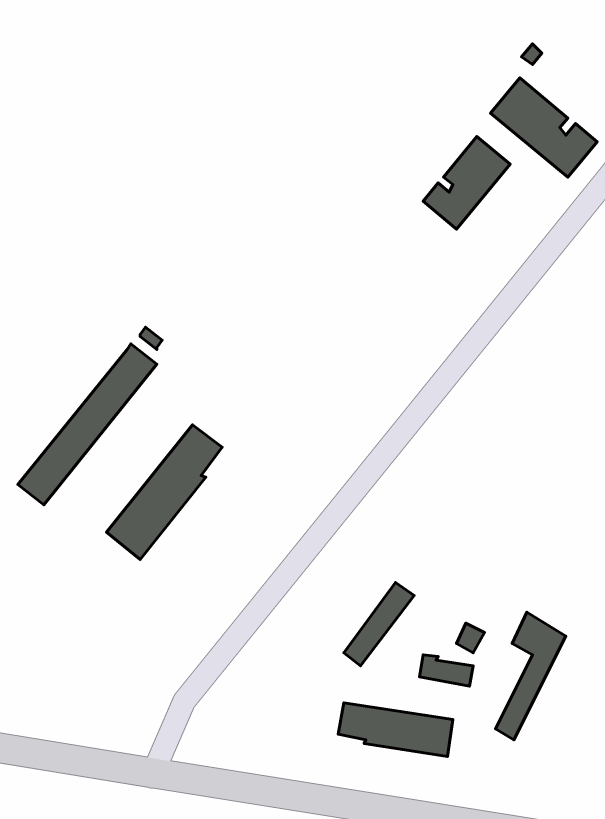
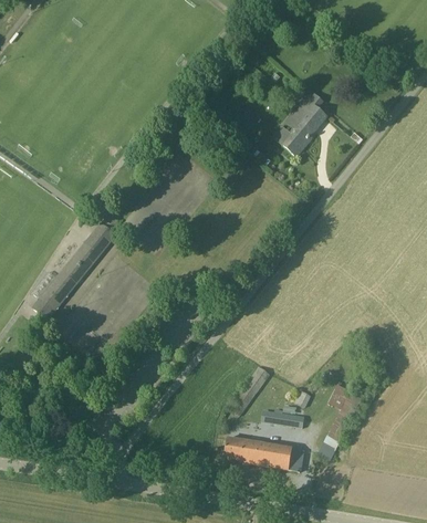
building: [491,78,597,177] -> none
building: [106,425,222,559] -> none

